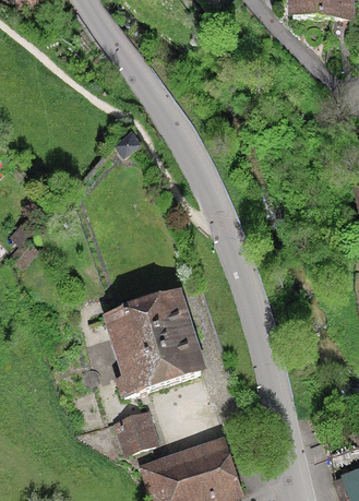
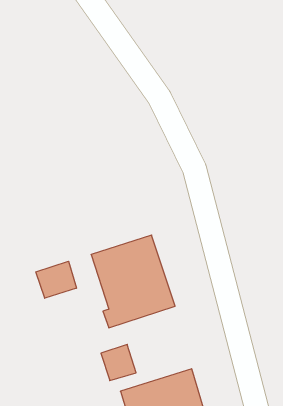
building: none -> [36,261,76,298]

